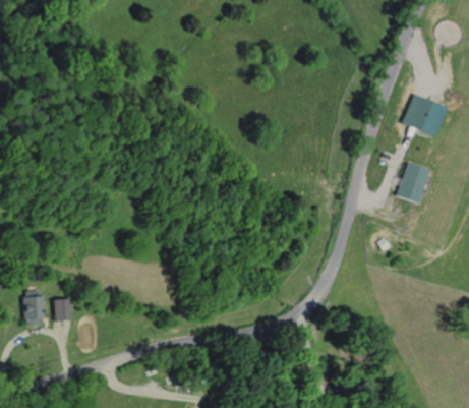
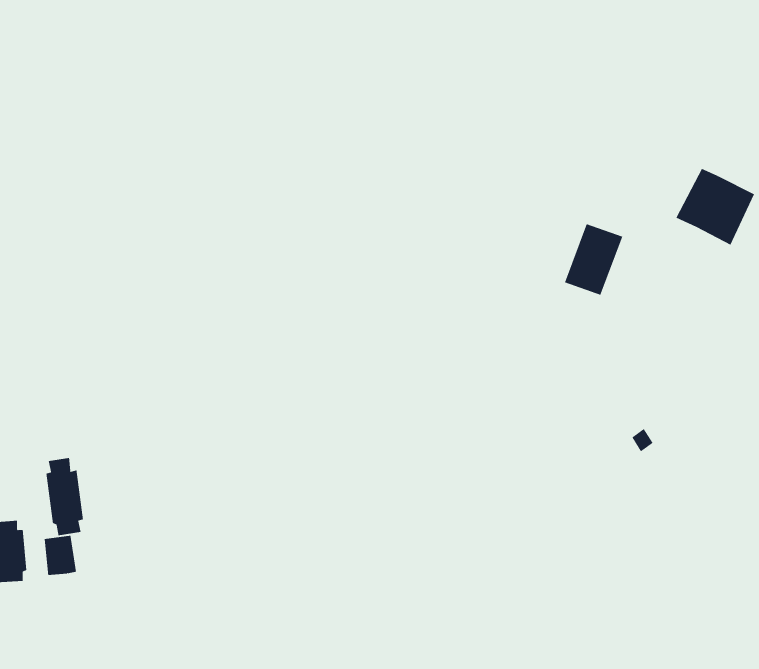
building: [397,164,429,203] -> [564,223,623,295]
building: none -> [46,457,83,536]

